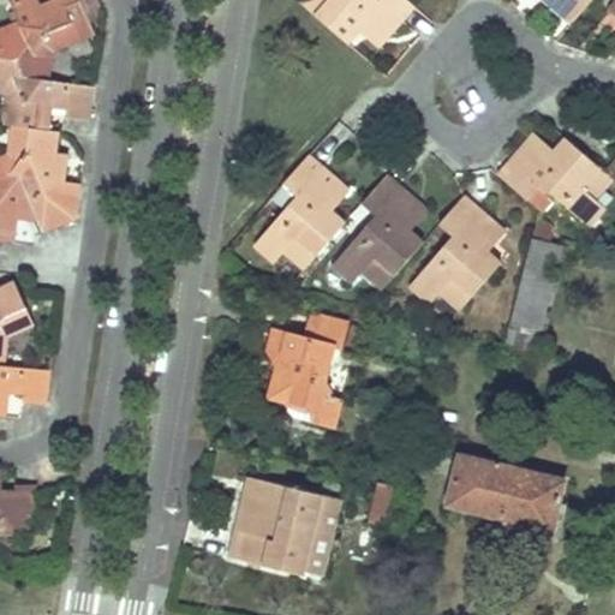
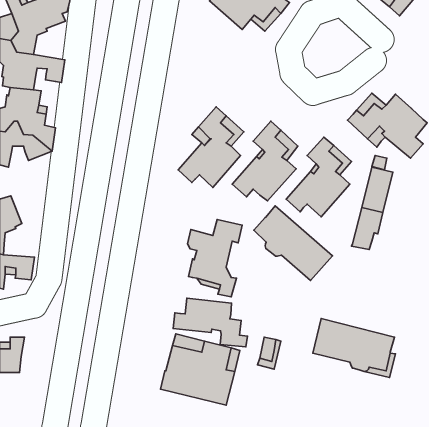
building: none -> [254,206,333,281]
building: none -> [173,298,247,347]

